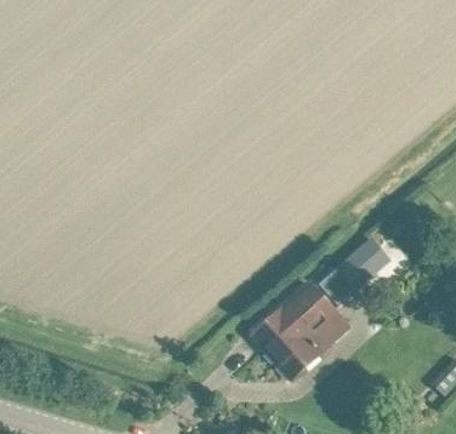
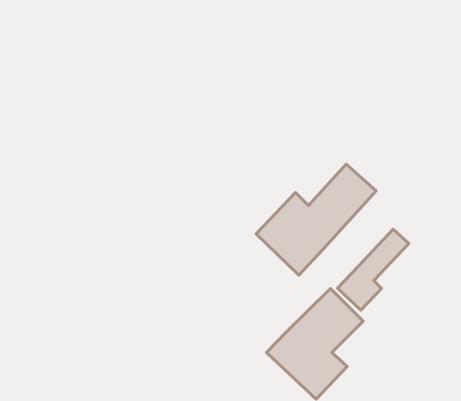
building: none -> [256,164,376,275]

